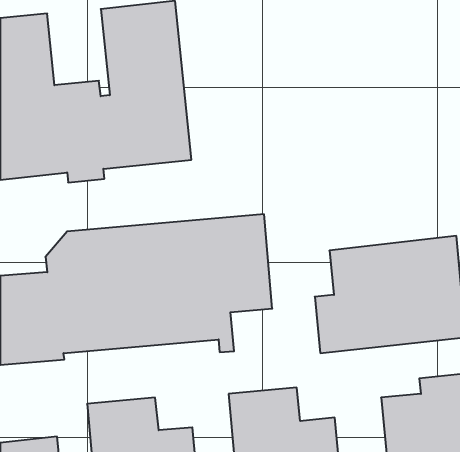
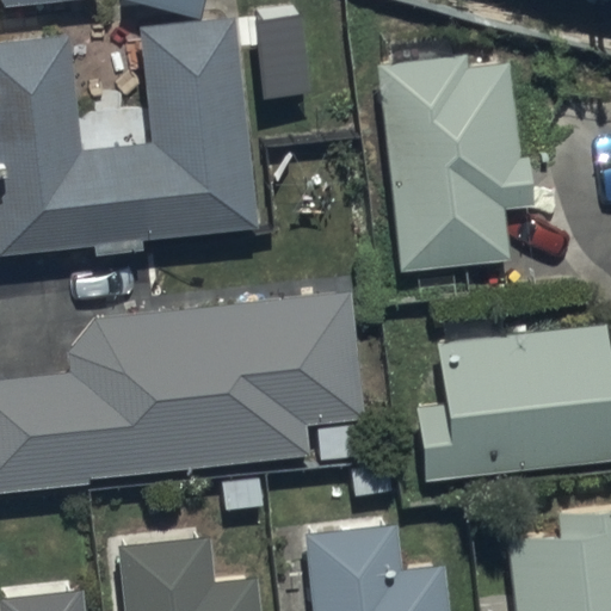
building: none -> [376,56,532,271]

